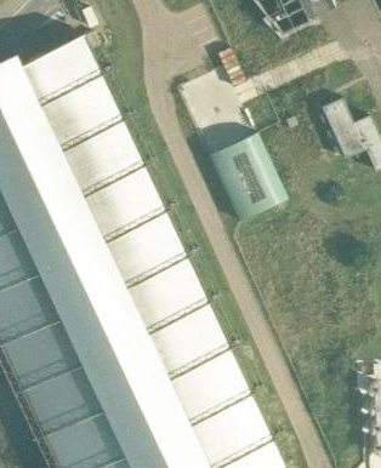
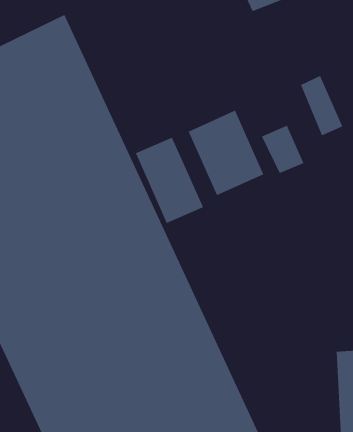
building: none -> [261,125,304,174]
building: none -> [135,137,204,224]

